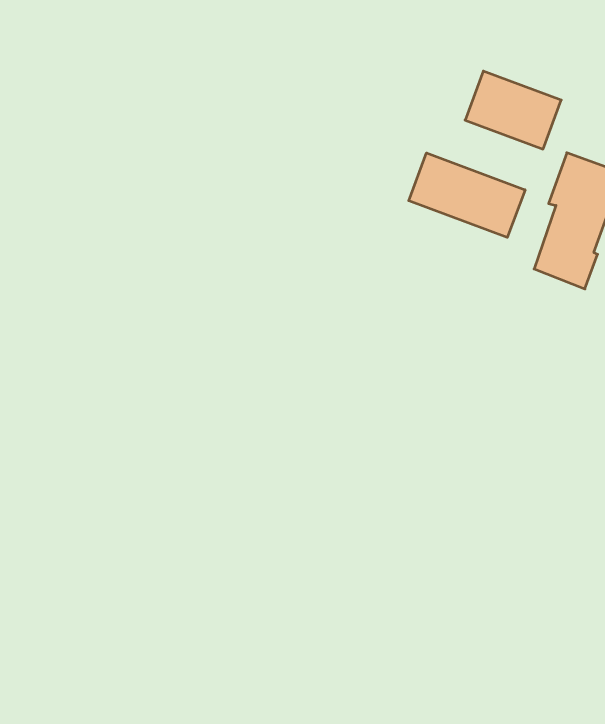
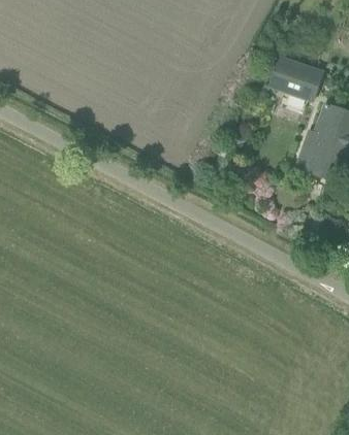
building: [409,153,525,237] -> none

